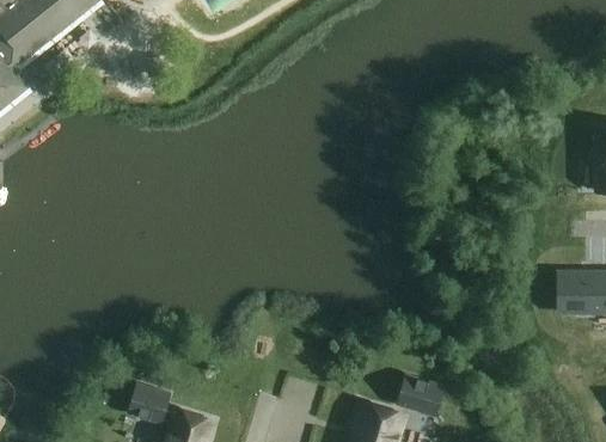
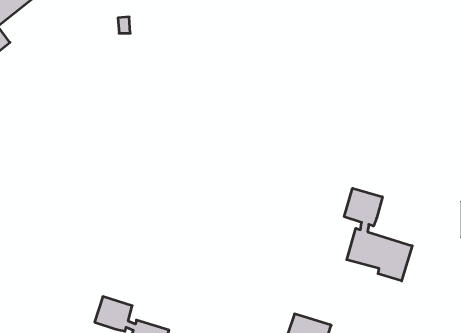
building: none -> [344,188,412,281]
building: [396,374,446,416] -> none

